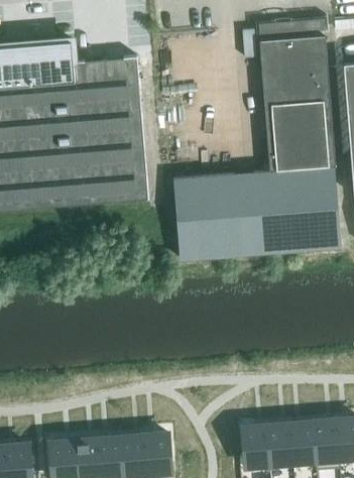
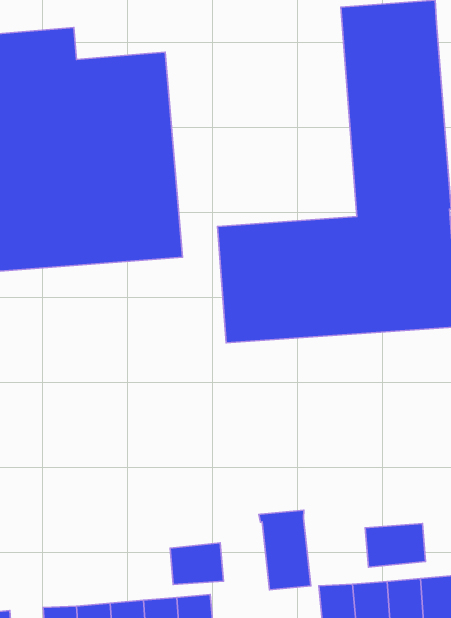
building: none -> [259,510,311,590]
building: none -> [365,524,426,567]
building: none -> [170,543,223,585]

